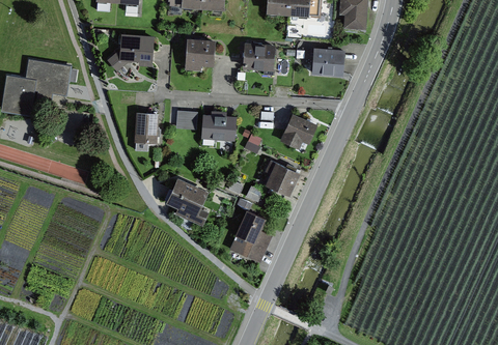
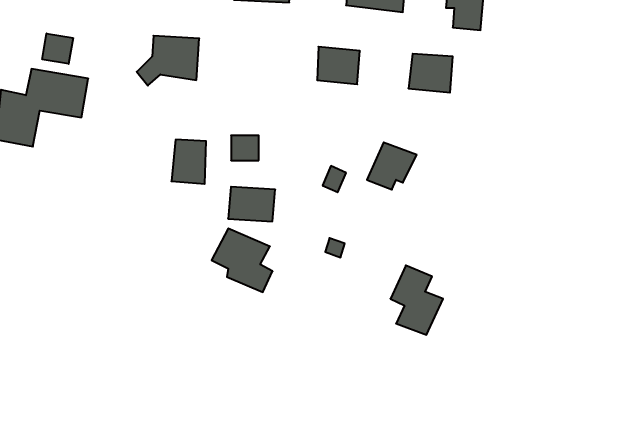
building: none -> [42,33,73,64]
building: [185,38,215,70] -> none
building: [200,114,236,140] -> [228,187,275,221]
building: [266,160,299,196] -> none
building: [233,211,273,263] -> [390,265,443,335]

